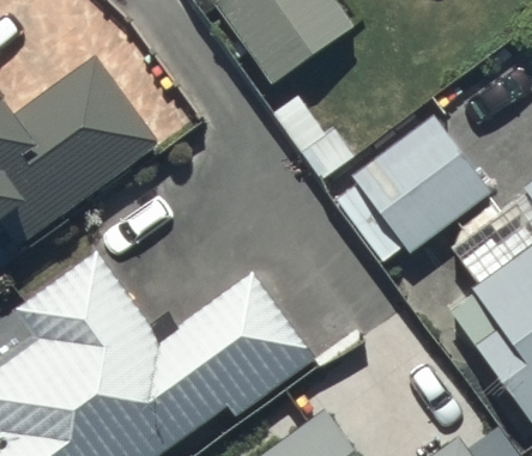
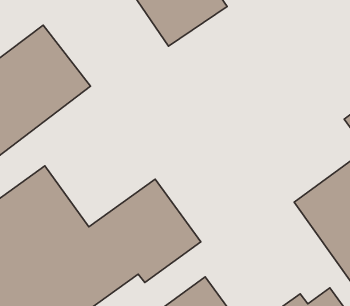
building: [339,116,491,261] -> none

